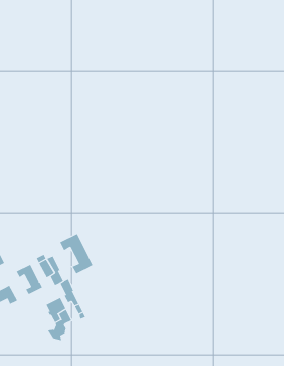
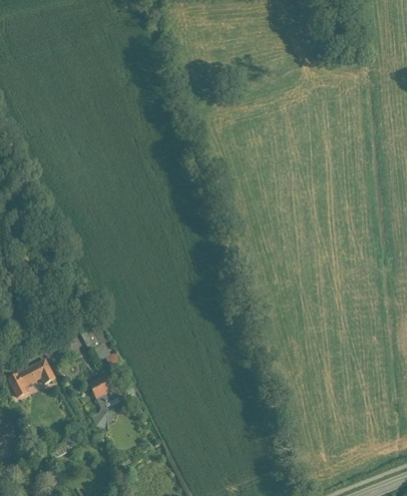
building: [59,233,94,274] -> none
building: [16,264,42,295] -> none

